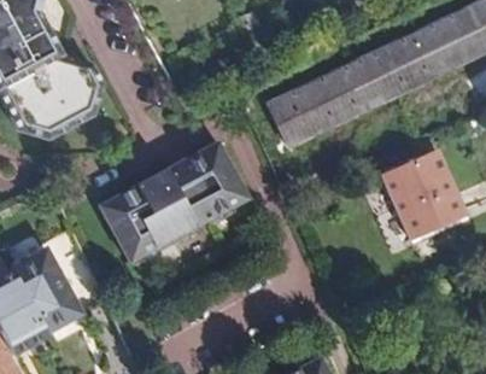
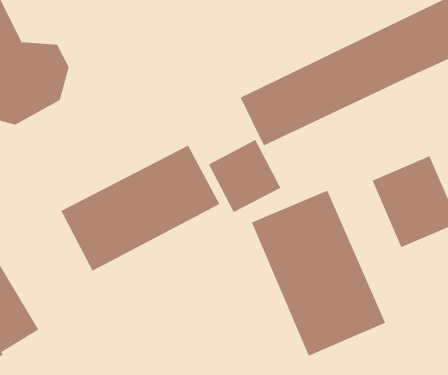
building: none -> [208,139,281,213]
building: none -> [251,190,386,356]

